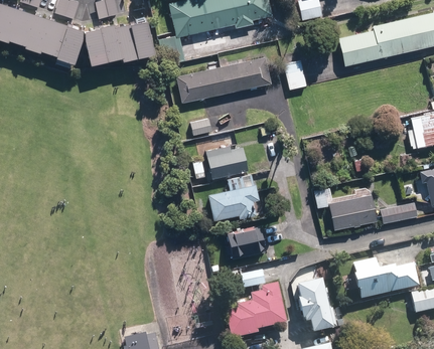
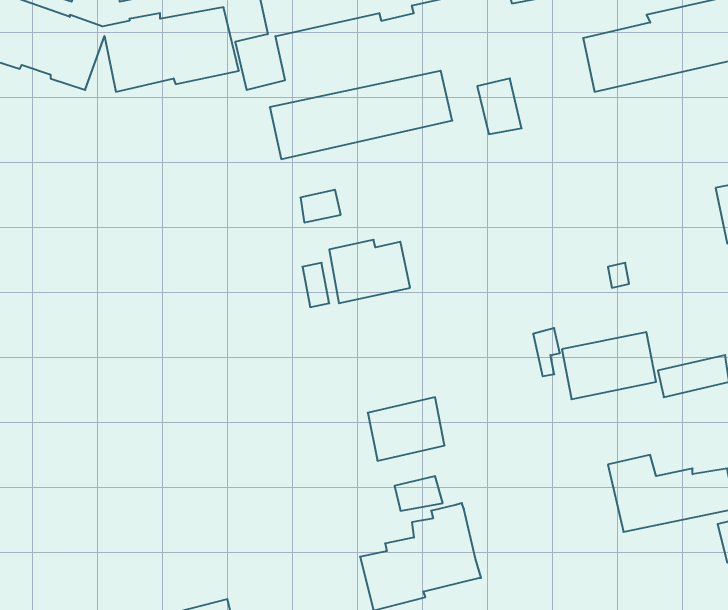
building: [207,172,260,219] -> none
building: [297,276,333,331] -> none

